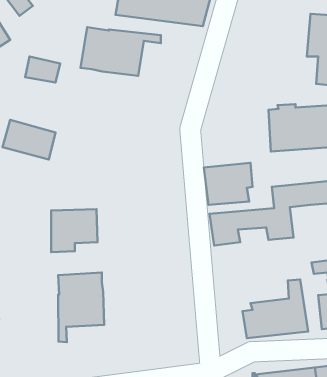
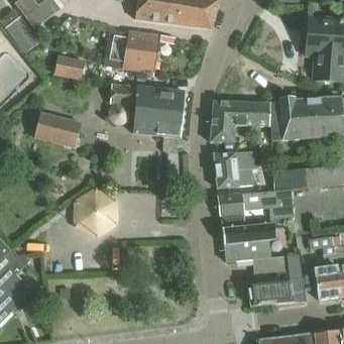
building: none -> [110,84,184,137]
building: none -> [210,102,269,150]
building: none -> [222,222,289,275]
building: [58,272,104,342] -> none

